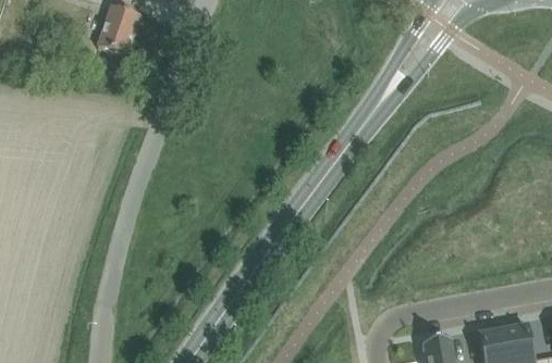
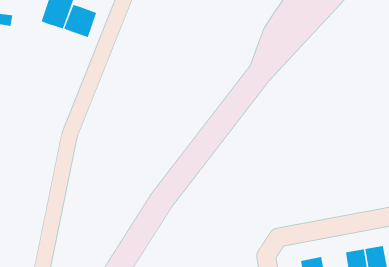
building: none -> [64,4,97,38]

